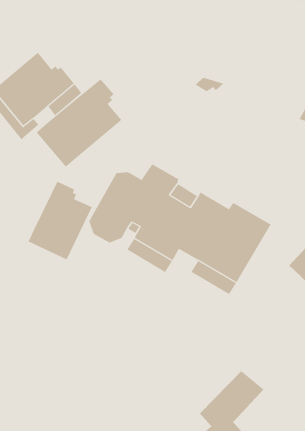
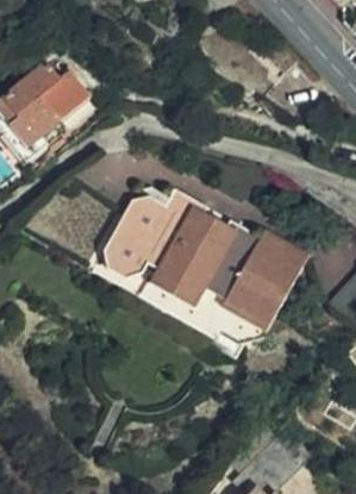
building: [36,78,122,167] -> none
building: [28,181,93,260] -> none

